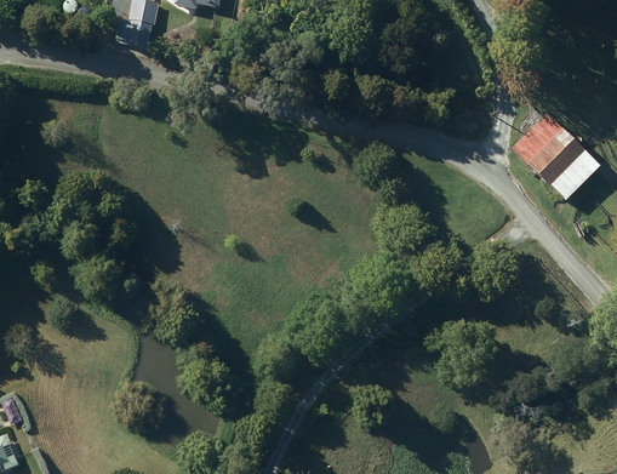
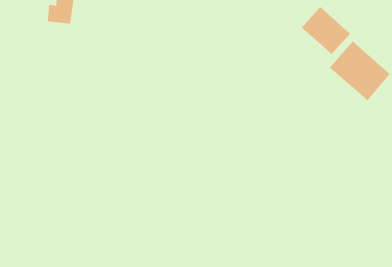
building: none -> [301,6,351,55]

